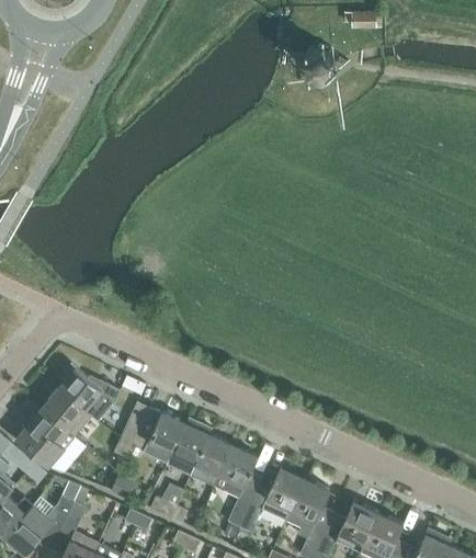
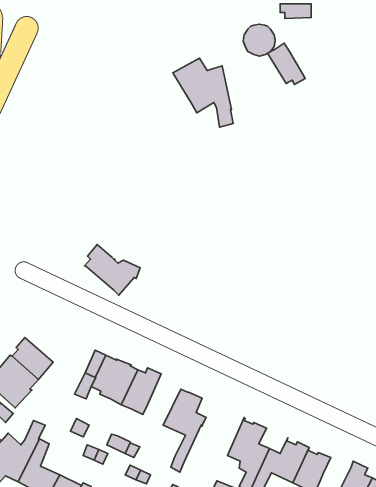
building: none -> [267,43,305,85]
building: none -> [173,58,233,127]
building: [57,364,120,421] -> [85,245,140,295]
building: [191,434,234,487] -> none
building: [238,467,305,533] -> none

